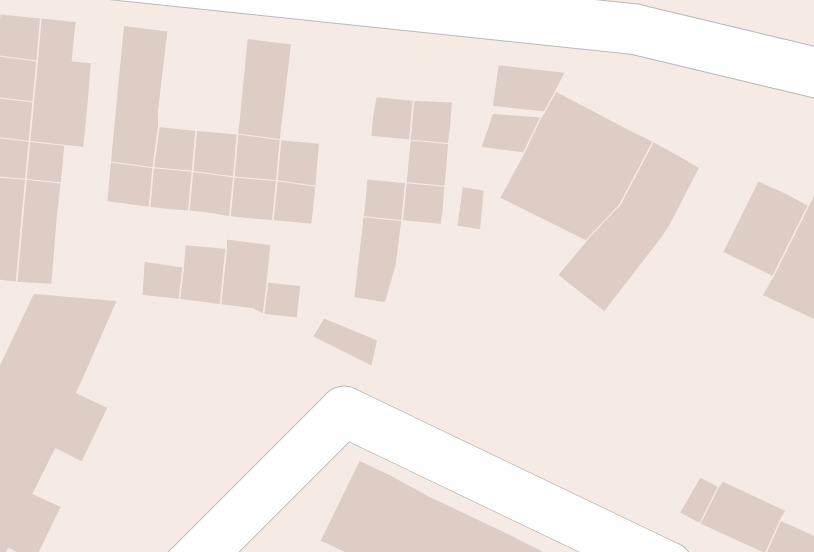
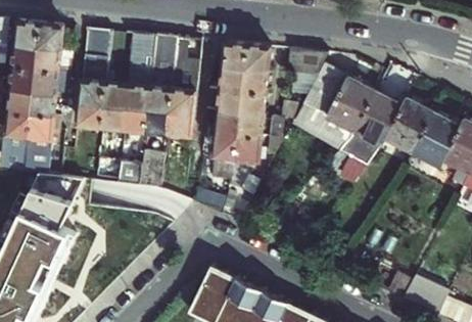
building: none -> [126,32,153,86]
building: none -> [172,37,197,91]
building: none -> [224,42,269,68]
building: none -> [206,86,242,112]
building: none -> [384,97,432,150]
building: none -> [228,133,259,190]

